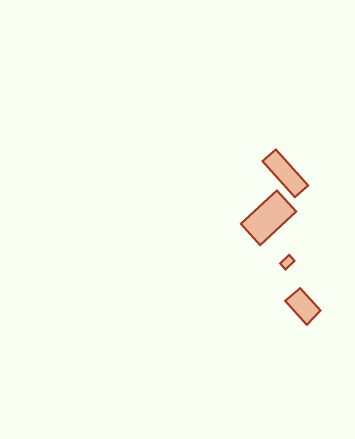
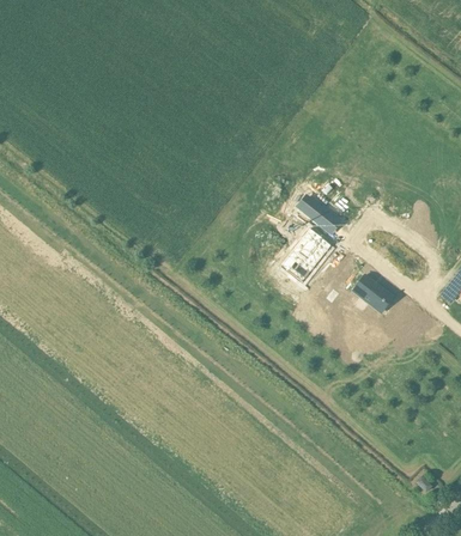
building: [285,288,321,325] -> [354,280,389,313]

